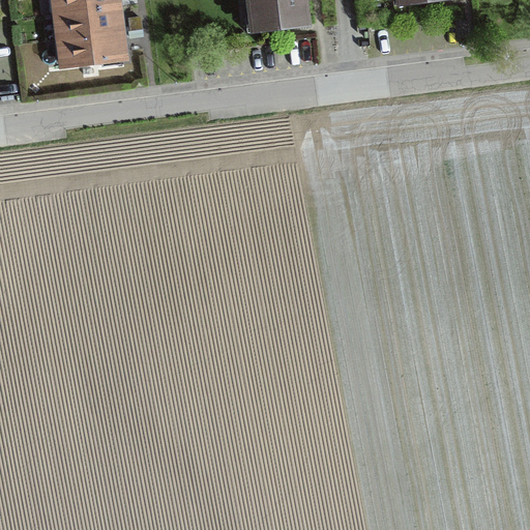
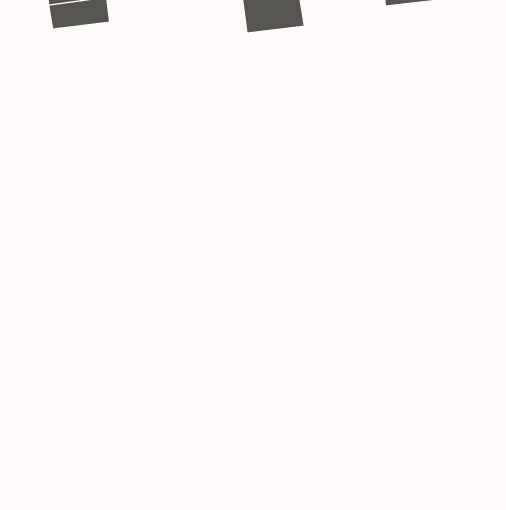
building: [54,23,116,58] -> none

